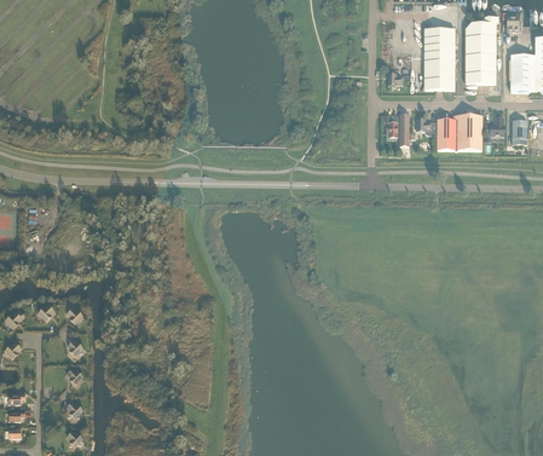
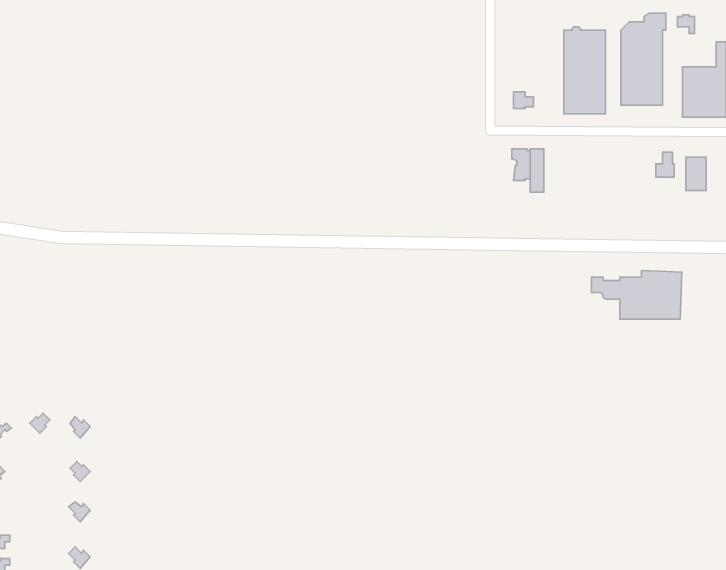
building: [417,114,483,149] -> [591,271,682,319]

